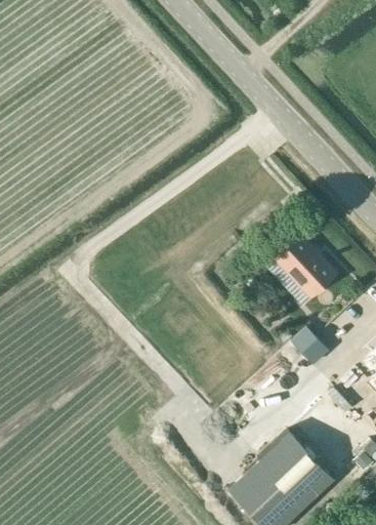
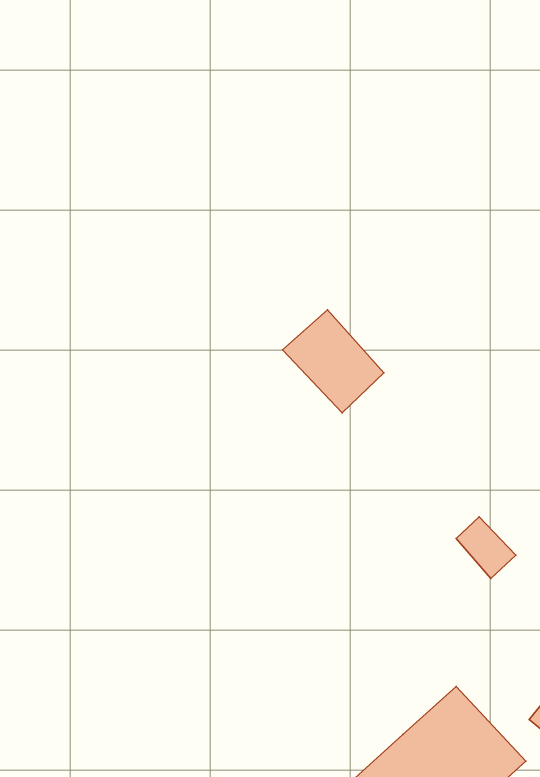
building: [275,237,337,300] -> [283,310,384,413]

